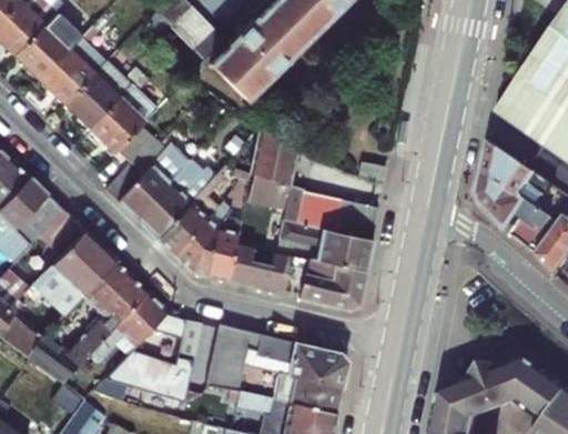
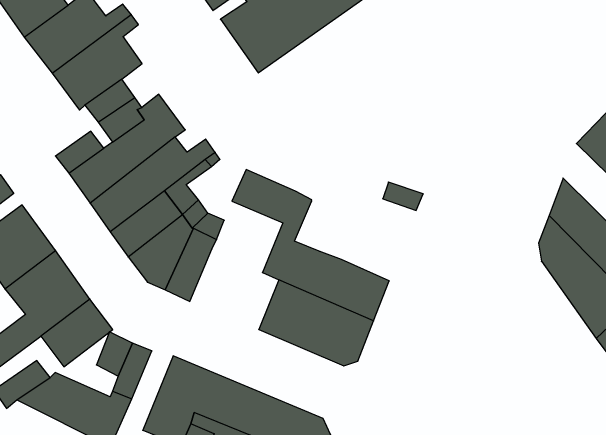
building: [250,125,298,185] -> none
building: [295,191,379,241] -> none
building: [224,240,288,294] -> none

